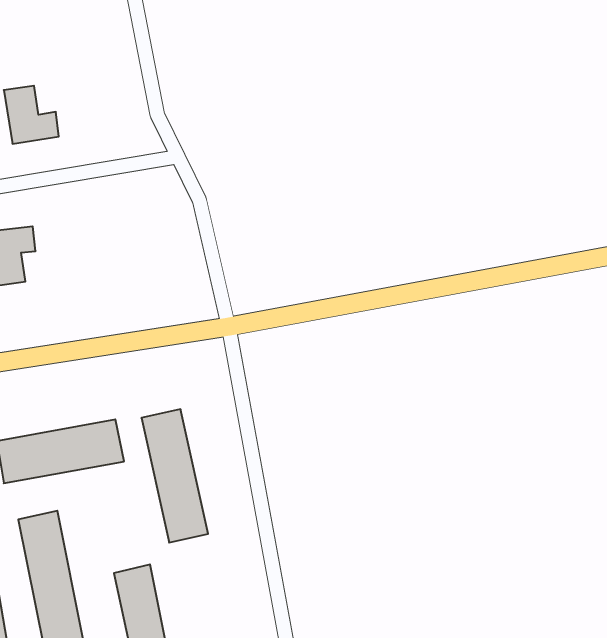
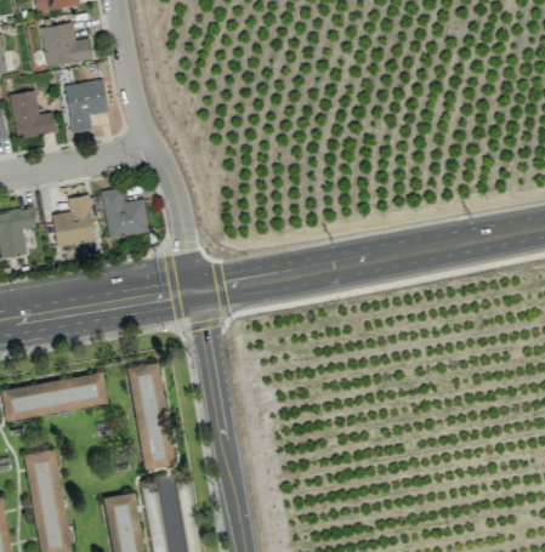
building: none -> [40,23,91,66]
building: none -> [63,79,108,133]
building: none -> [102,188,147,237]
building: none -> [52,195,95,246]

